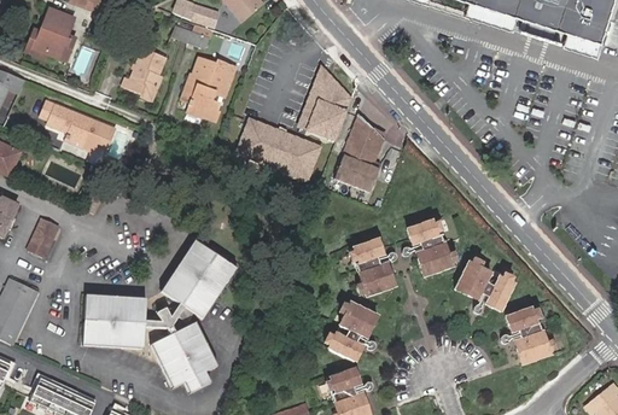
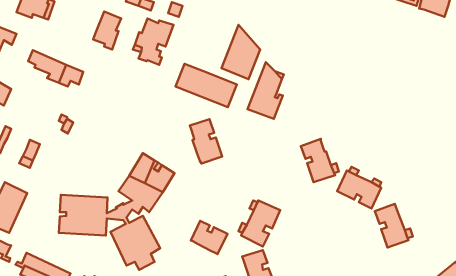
building: [351,238,395,297] -> [190,119,222,164]
building: none -> [191,221,227,254]

